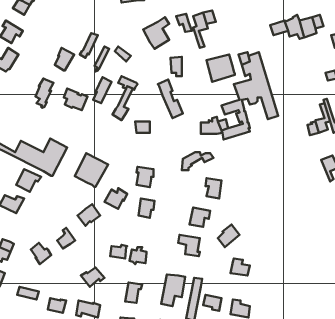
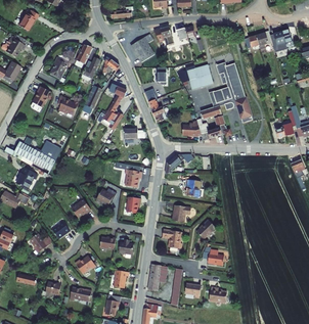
building: [75,153,108,187] -> none

